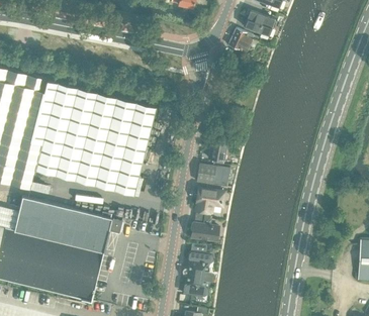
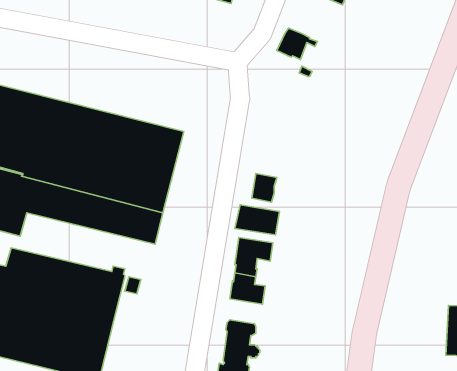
building: [243,12,274,37] -> none

